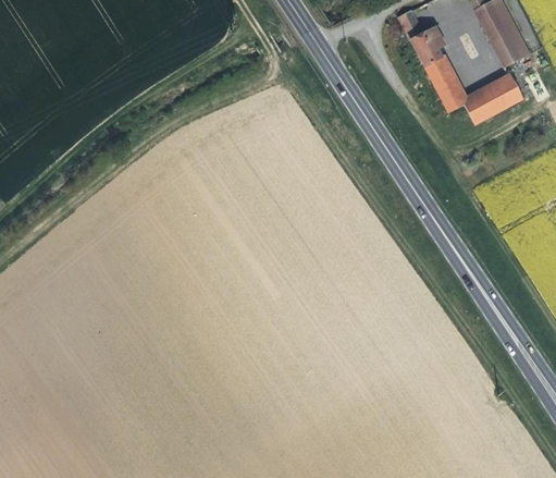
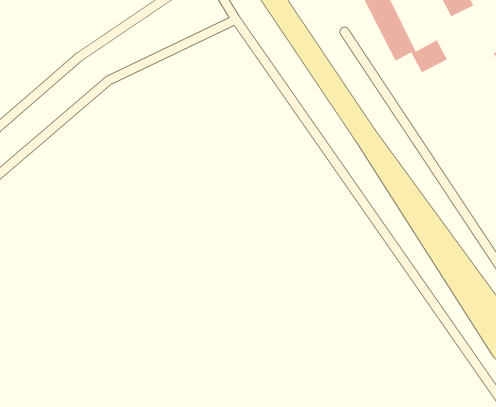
building: [491,78,521,109] -> none

